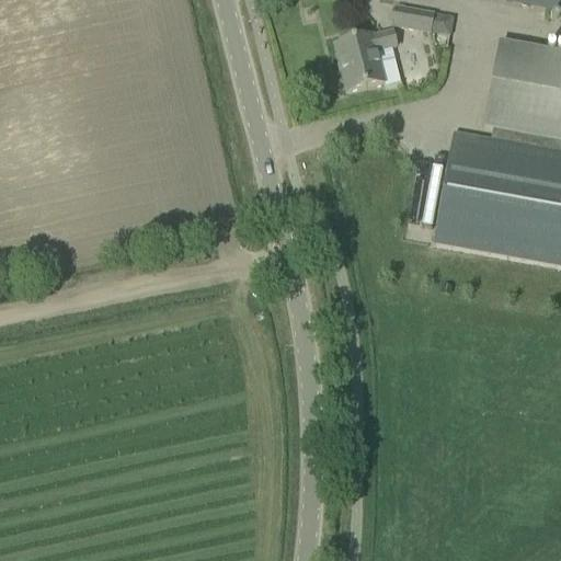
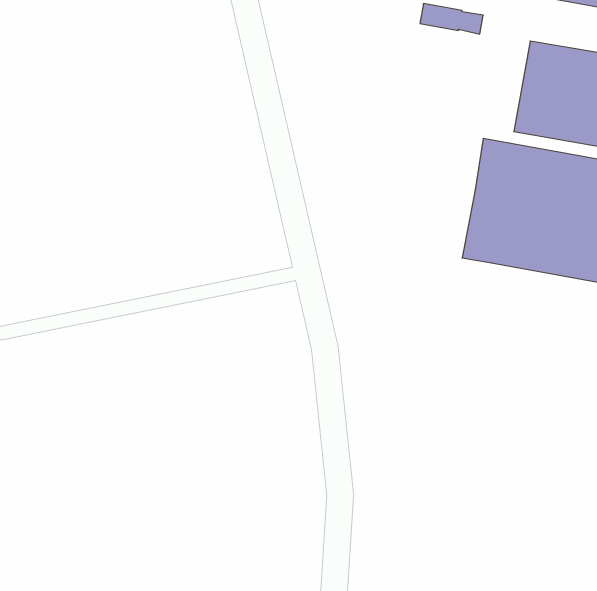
building: [335,27,402,89] -> none

